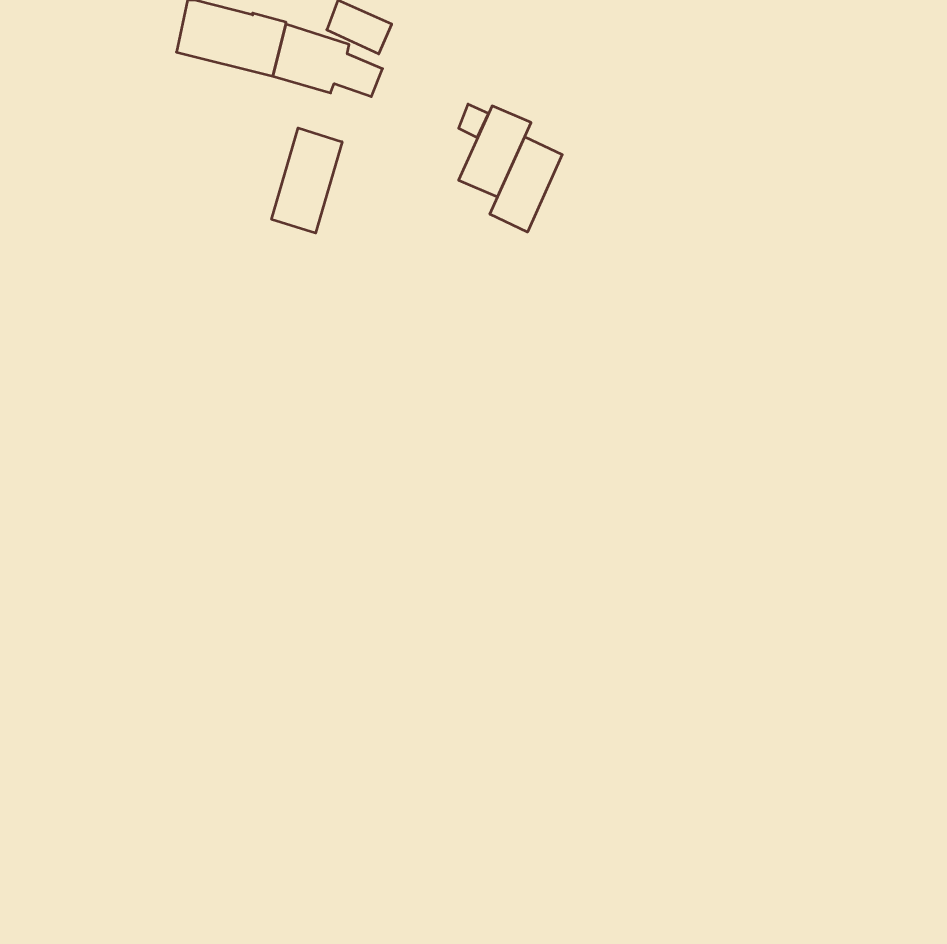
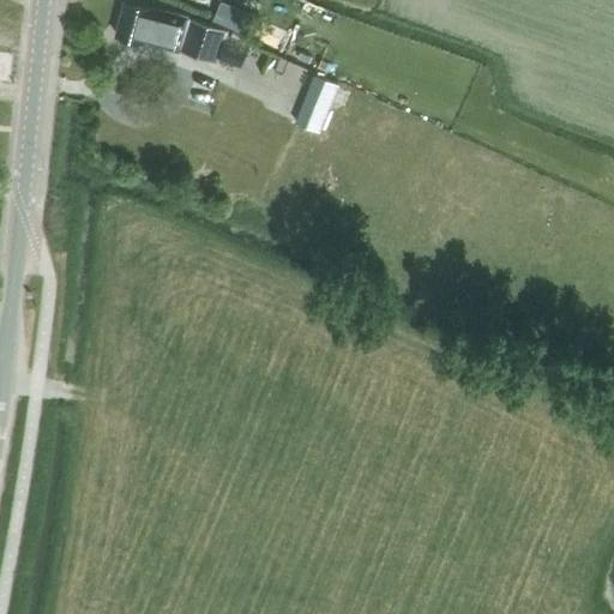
building: [272,128,342,233] -> none
building: [490,137,562,232] -> none

